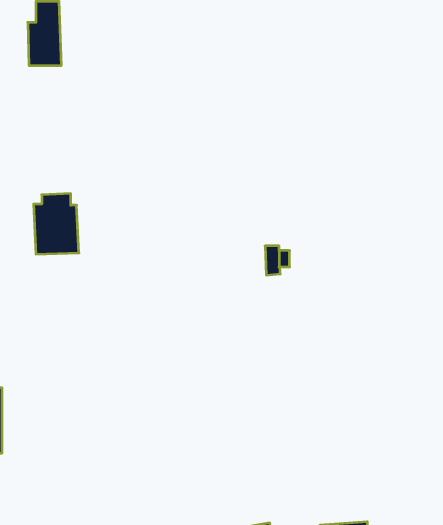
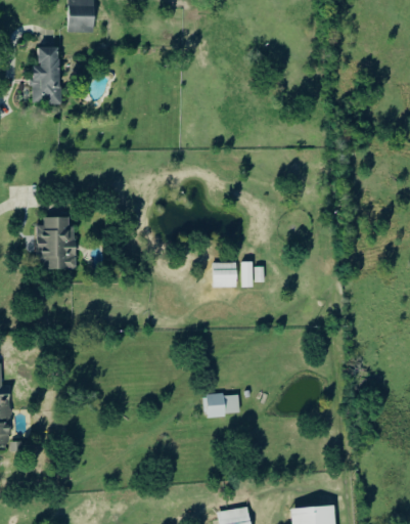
building: none -> [212,262,235,287]
building: none -> [206,394,225,419]

